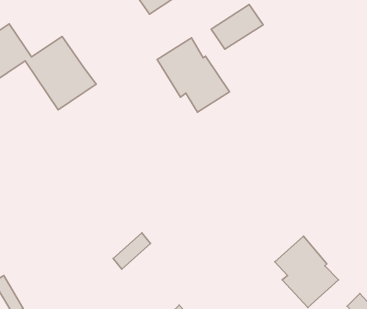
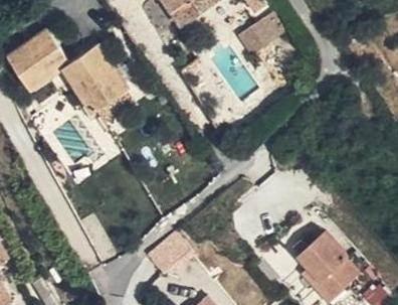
building: [157,38,229,112] -> none

